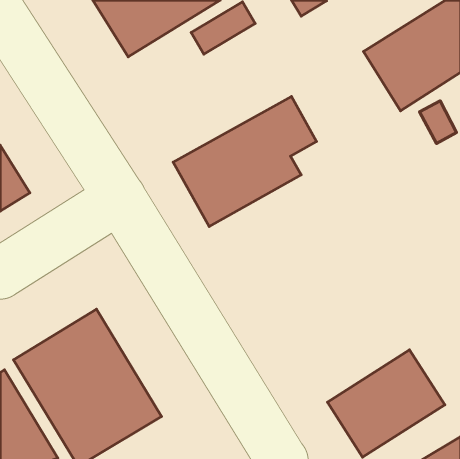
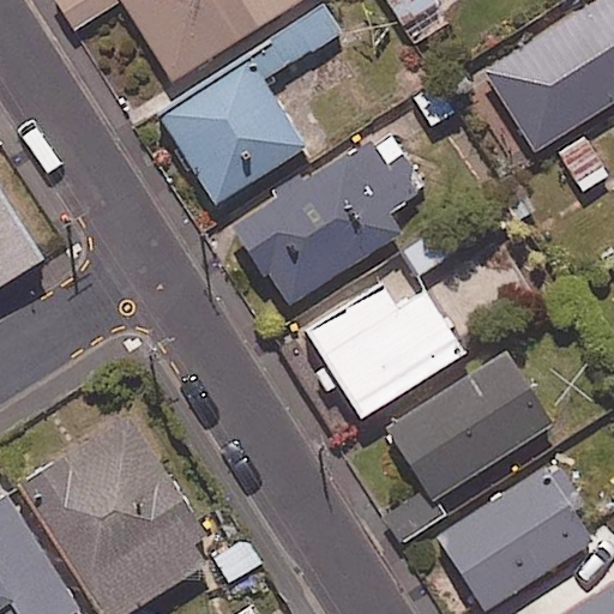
building: none -> [159,59,305,204]
building: none -> [307,287,464,419]
building: none -> [389,353,552,499]

